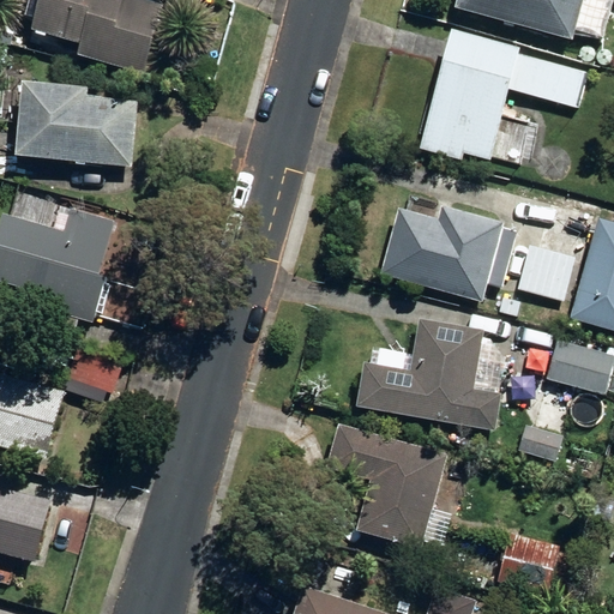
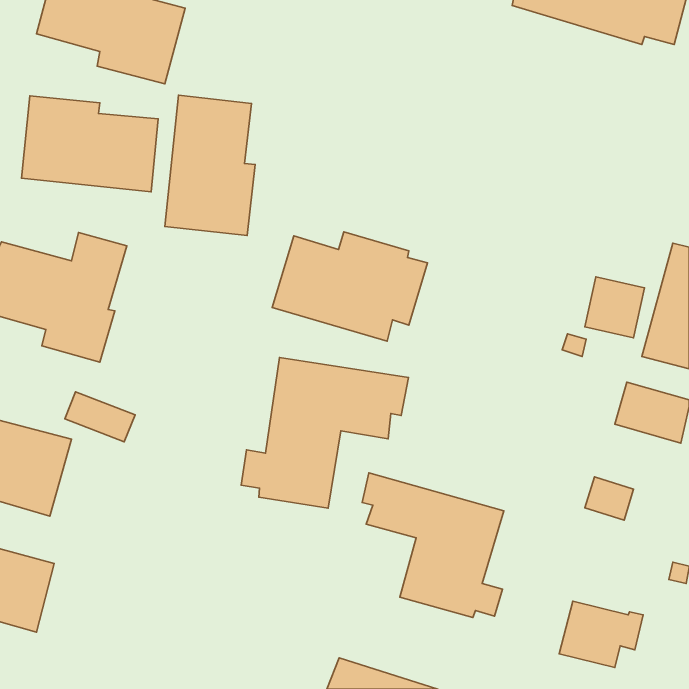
building: [420,29,586,159] -> none
building: none -> [165,95,255,236]
building: [379,205,517,302] -> [272,232,428,341]
building: none -> [241,357,409,508]
building: [356,321,500,429] -> none

